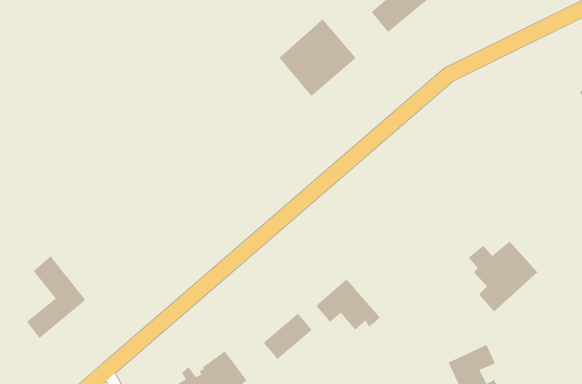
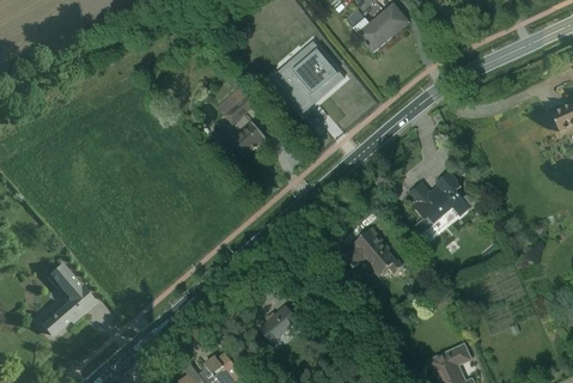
building: none -> [213,91,248,123]
building: none -> [231,122,266,157]
building: [468,241,538,313] -> [406,175,470,241]
building: [316,278,381,331] -> [341,226,401,274]

